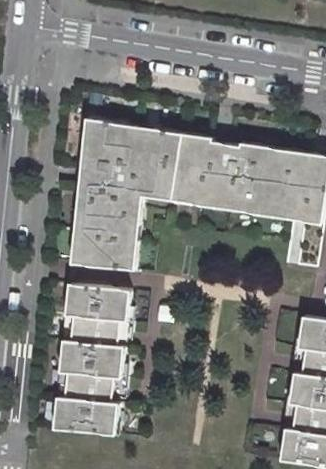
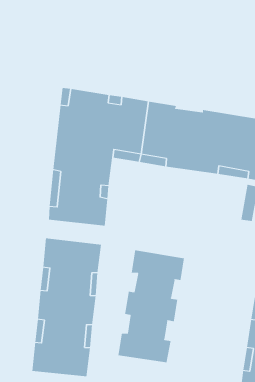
building: none -> [118,249,184,363]

